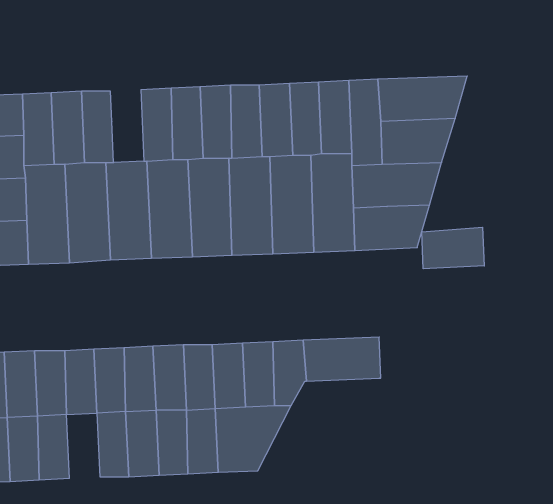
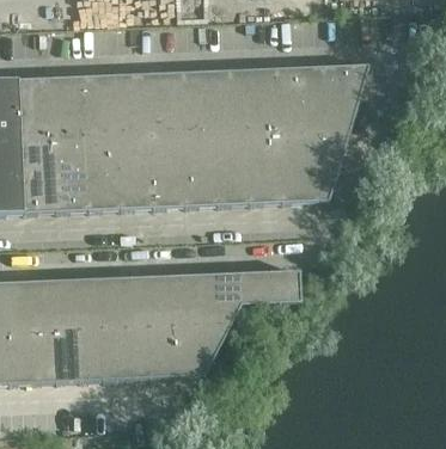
building: none -> [88,75,115,133]
building: [422,227,484,269] -> none
building: none -> [54,330,80,381]

